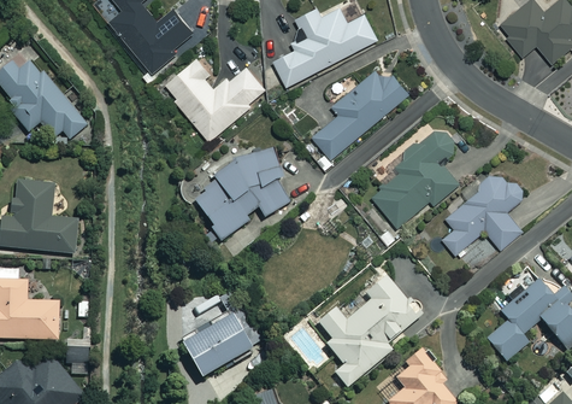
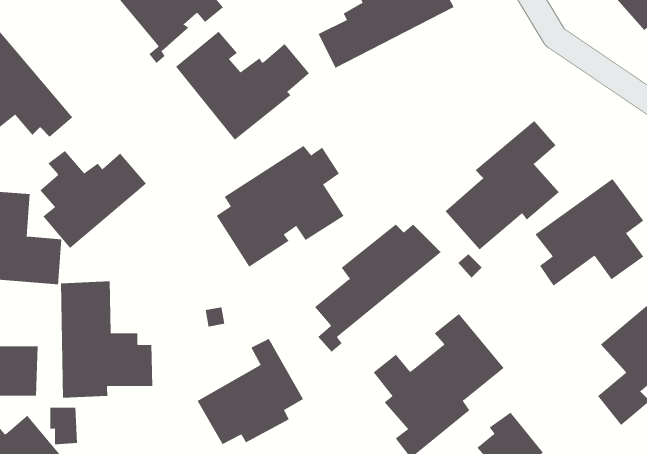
building: [313,72,411,171] -> [314,224,441,353]
building: none -> [40,150,147,249]
building: none -> [60,281,153,399]

